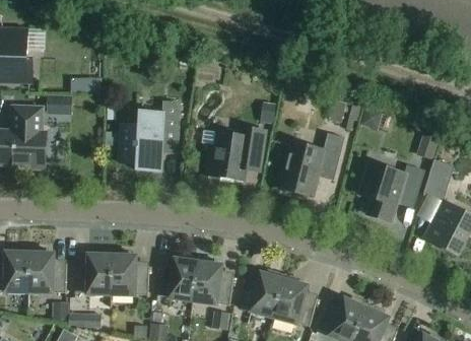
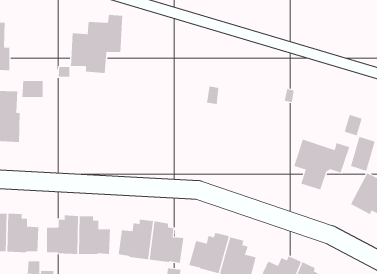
building: [120,104,181,172] -> [70,14,123,74]
building: [206,129,266,180] -> none
building: [280,133,345,196] -> none

